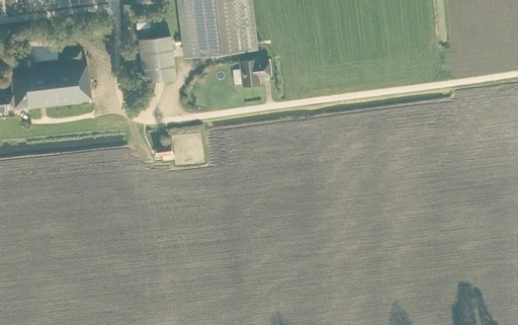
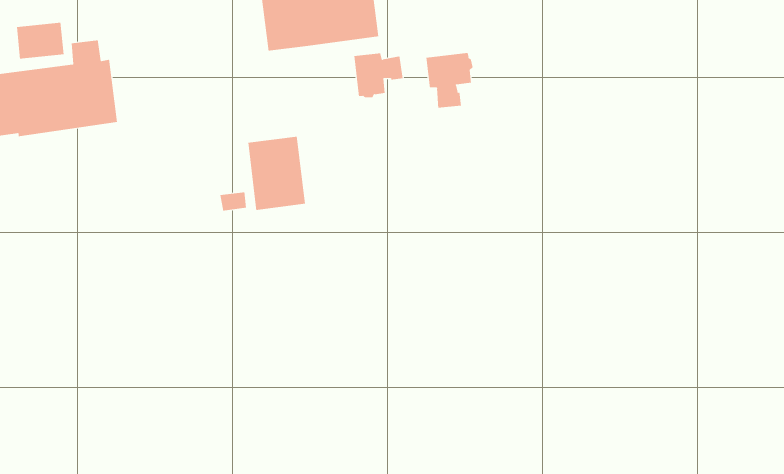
building: [139,36,175,83] -> [248,136,306,210]
building: none -> [426,52,473,109]

